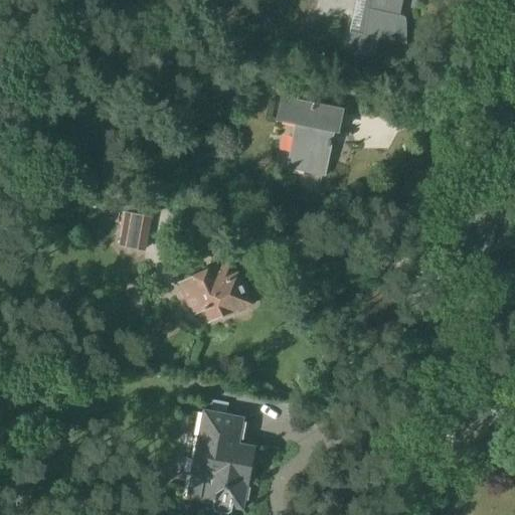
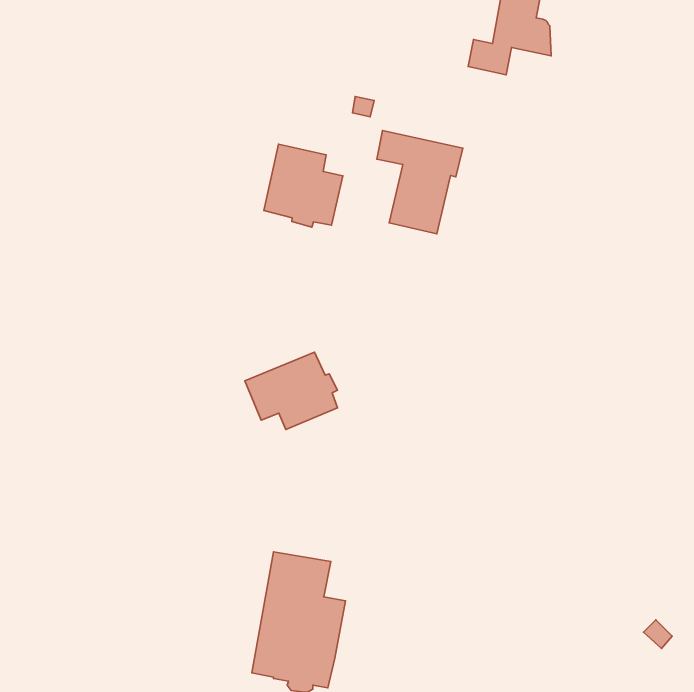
building: none -> [264,144,343,227]
building: [119,211,152,249] -> none

